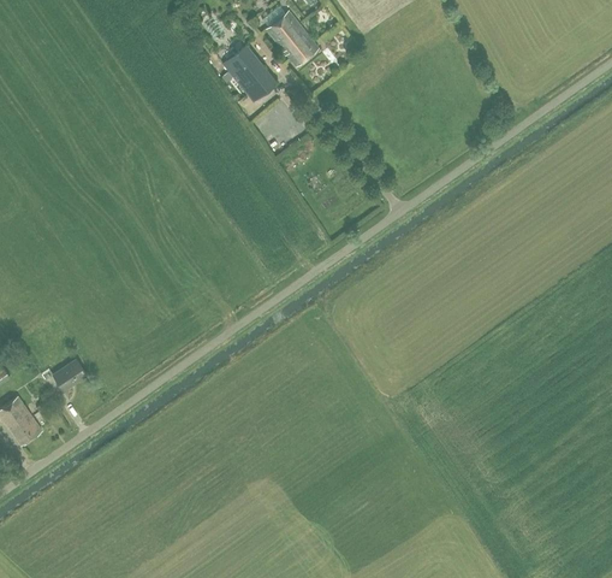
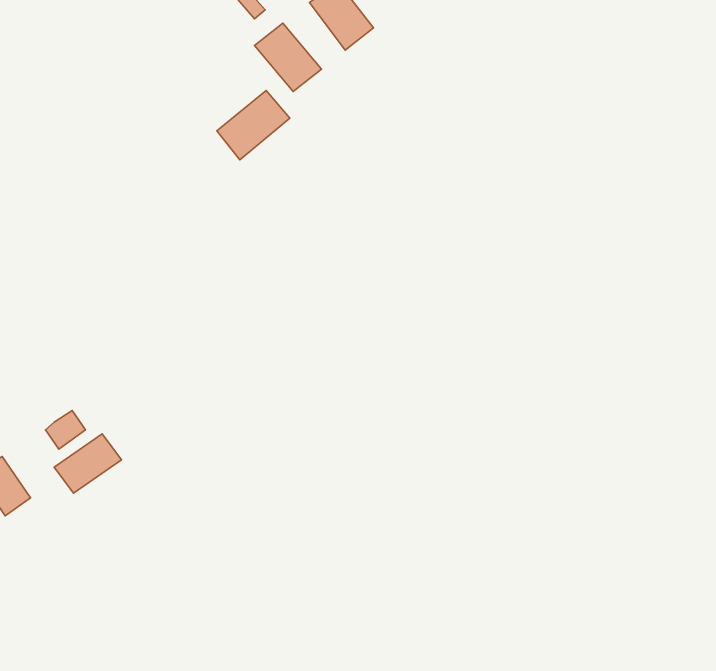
building: none -> [217,91,290,160]
building: none -> [54,434,121,493]

